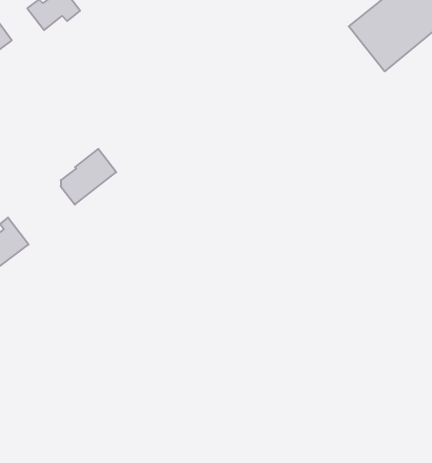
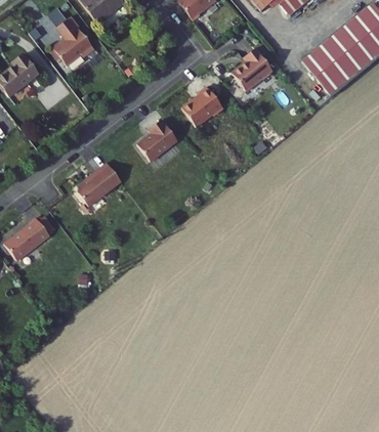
building: none -> [233,47,272,90]
building: none -> [182,87,224,127]
building: none -> [135,119,176,162]

